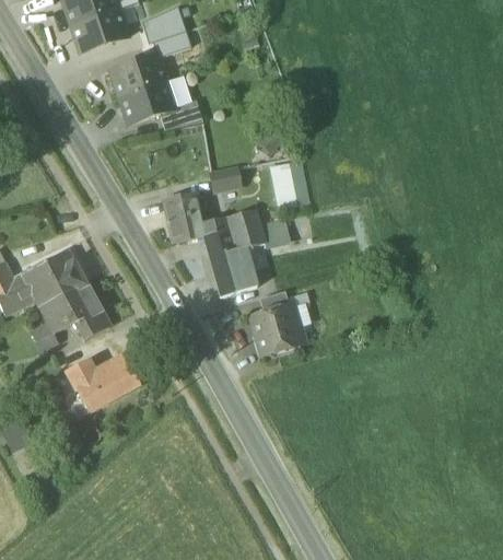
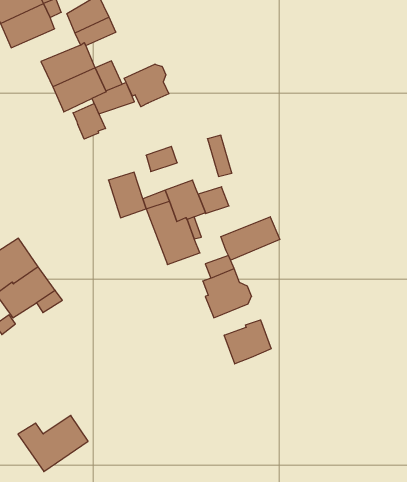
building: none -> [124,64,169,107]
building: none -> [73,103,105,139]
building: none -> [221,217,280,260]
building: [67,354,139,410] -> [18,415,88,472]
building: none -> [224,320,271,364]

